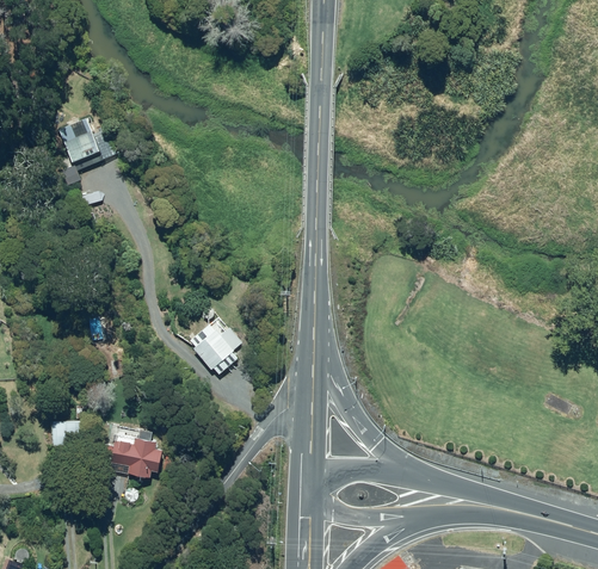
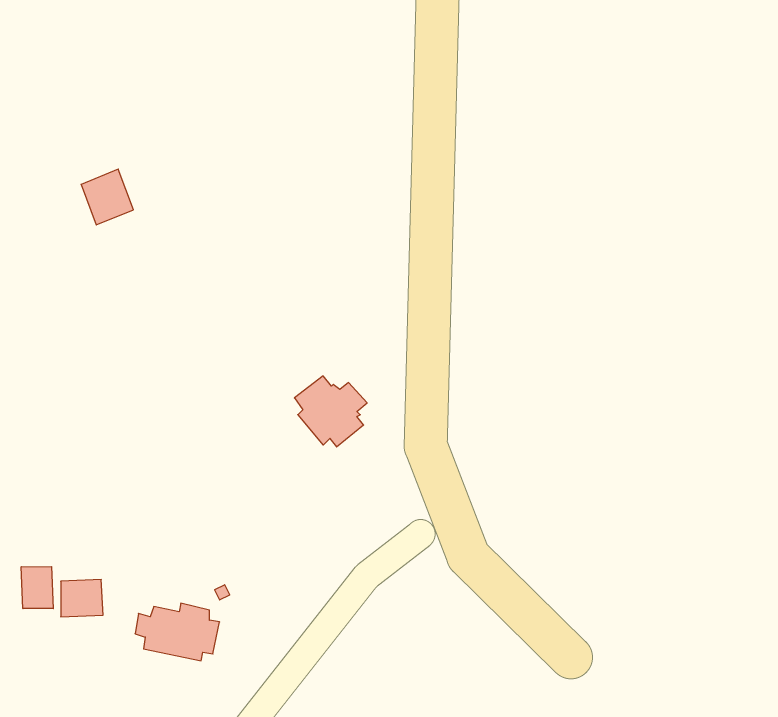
building: [189,322,240,372] -> [294,376,367,447]
building: none -> [21,567,53,609]

